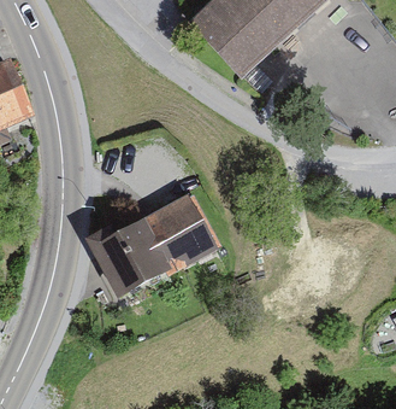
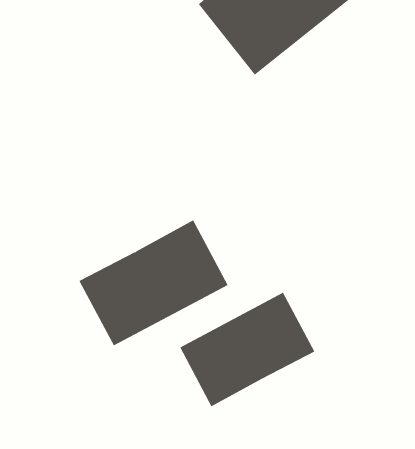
building: none -> [179,292,315,407]

